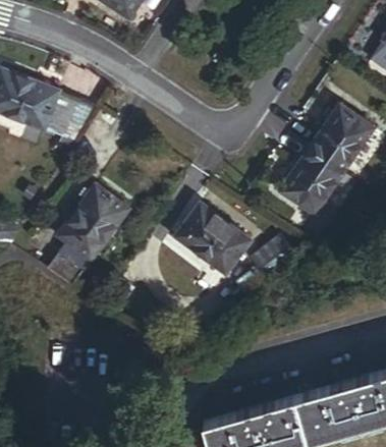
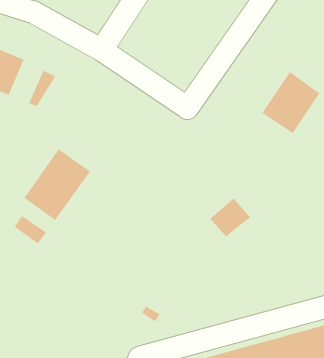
building: [42,95,77,138] -> none
building: [279,149,342,215] -> none
building: [174,204,251,275] -> none

